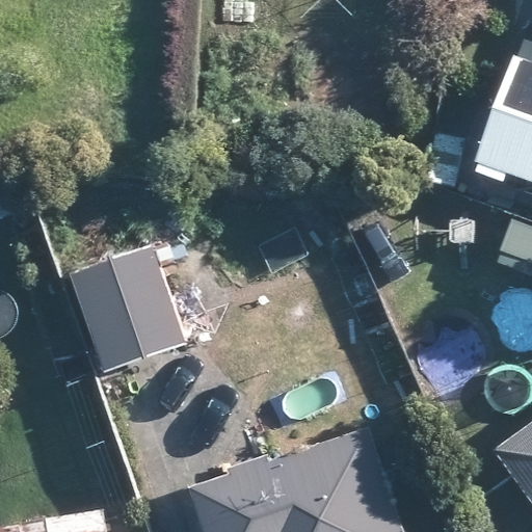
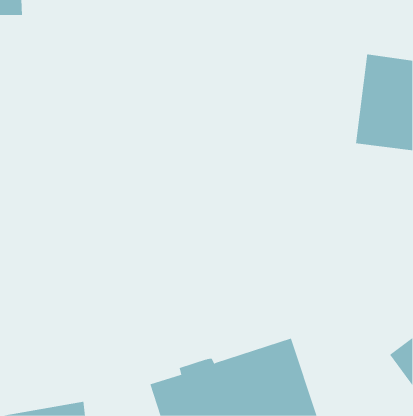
building: [71,244,188,374] -> none

